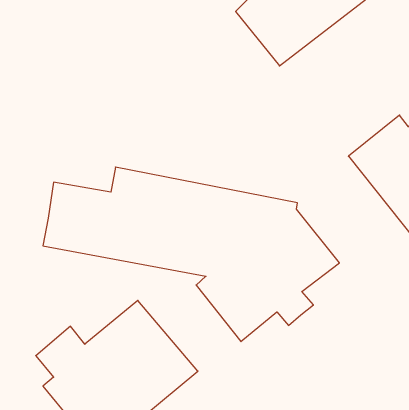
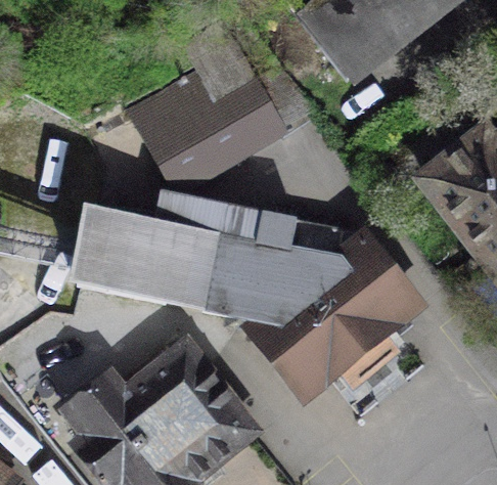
building: none -> [128,25,291,194]

